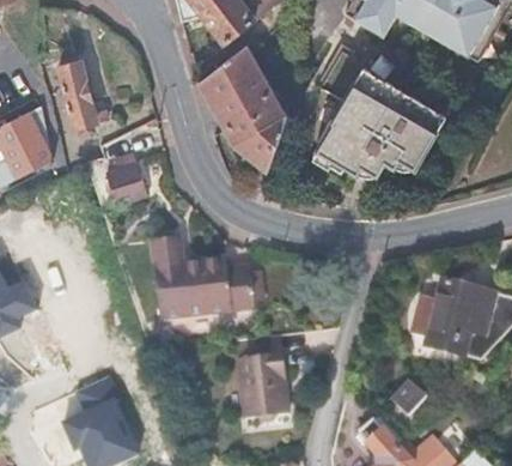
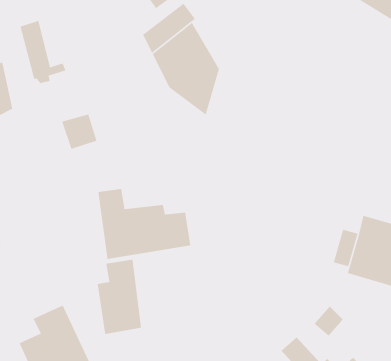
building: [316,65,445,174] -> none
building: [231,340,281,425] -> [97,259,142,335]

